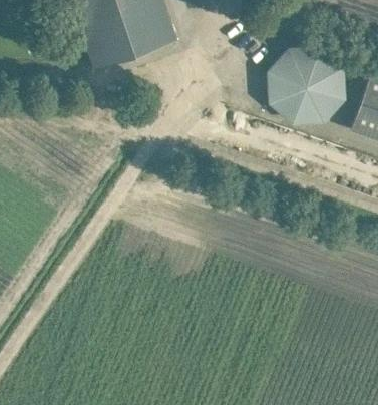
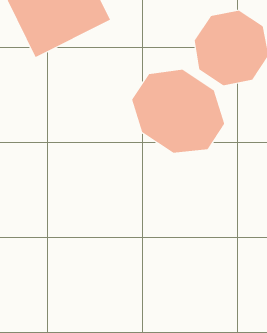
building: none -> [131,69,225,154]

